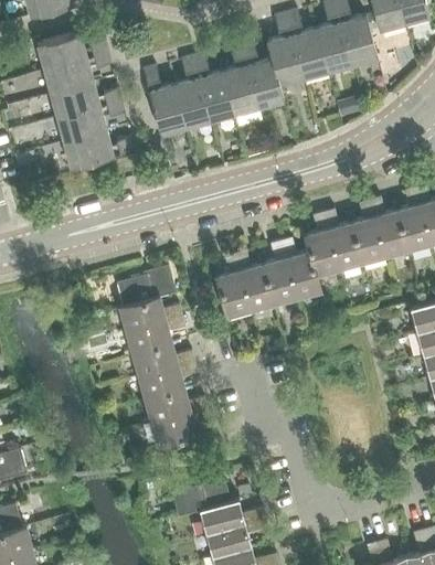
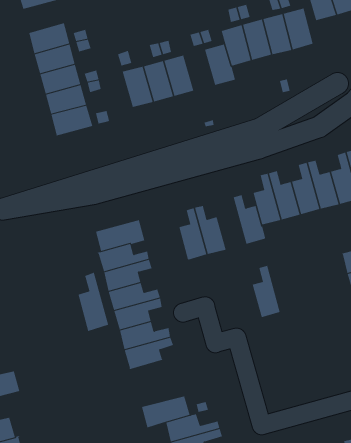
building: [222,66,258,116] -> none
building: [262,243,296,306] -> [252,265,281,318]
building: none -> [78,272,109,332]

